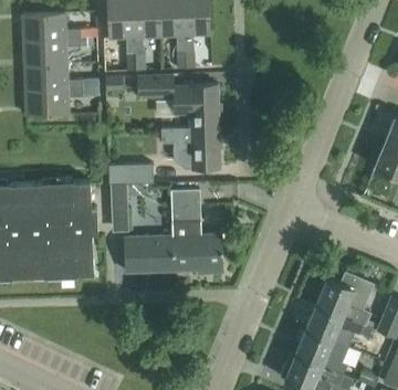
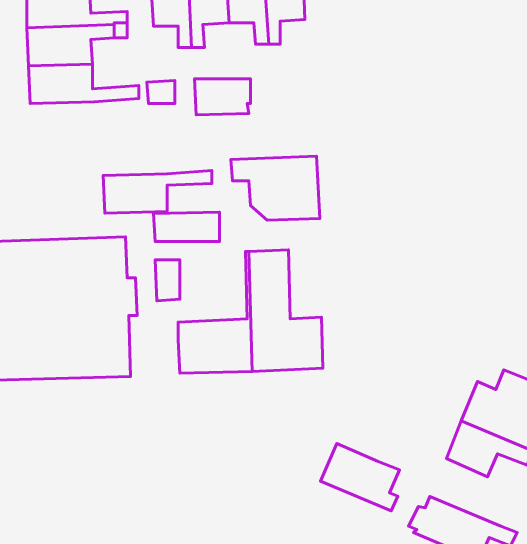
building: [171,86,218,129] -> none
building: [25,89,98,118] -> [103,170,212,213]
building: [294,331,347,377] -> [320,443,399,511]

